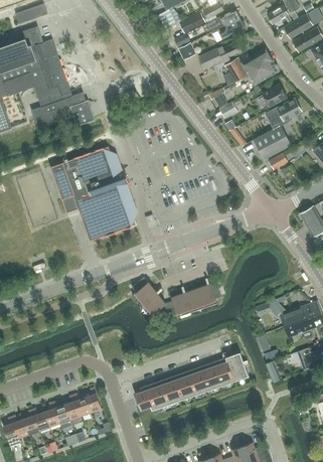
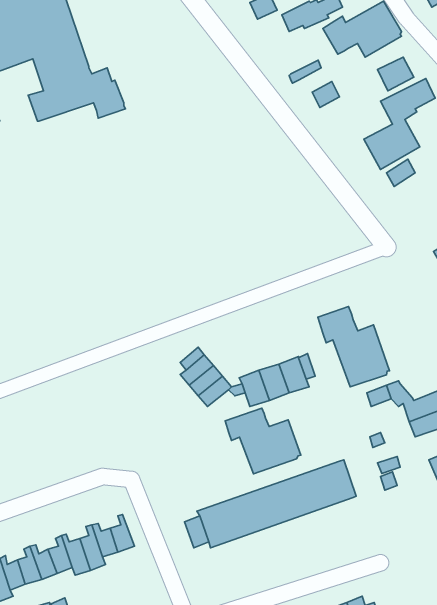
building: [50,146,136,241] -> none
building: none -> [318,307,390,387]
building: none -> [225,408,301,474]

